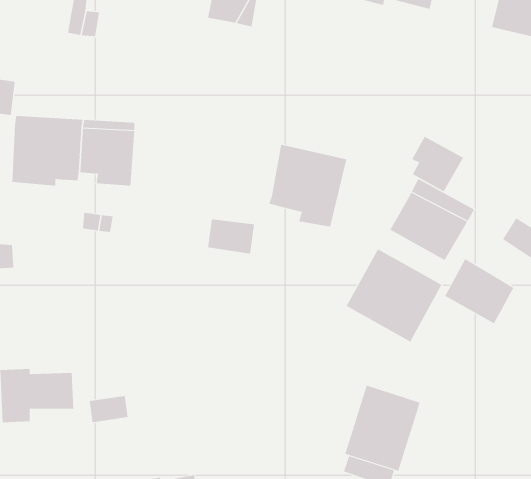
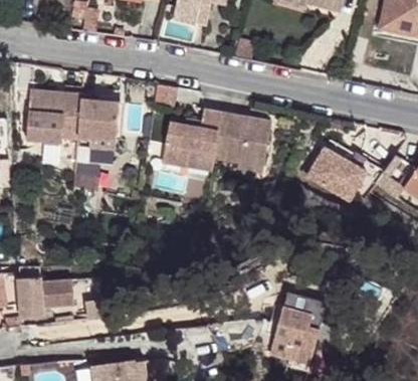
building: [412,136,464,192] -> none
building: none -> [164,109,226,165]
building: [346,248,442,342] -> none
building: [445,258,514,324] -> none

